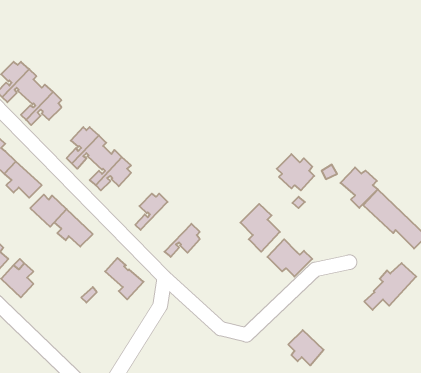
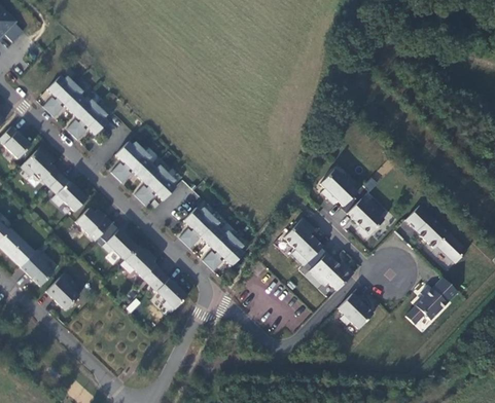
building: [340,167,378,208] -> [347,197,384,237]
building: none -> [184,216,235,265]
building: none -> [120,244,162,285]
building: [288,330,324,365] -> [338,293,373,328]

